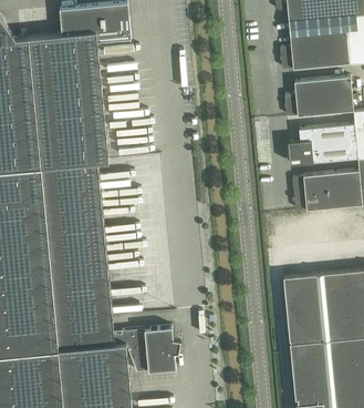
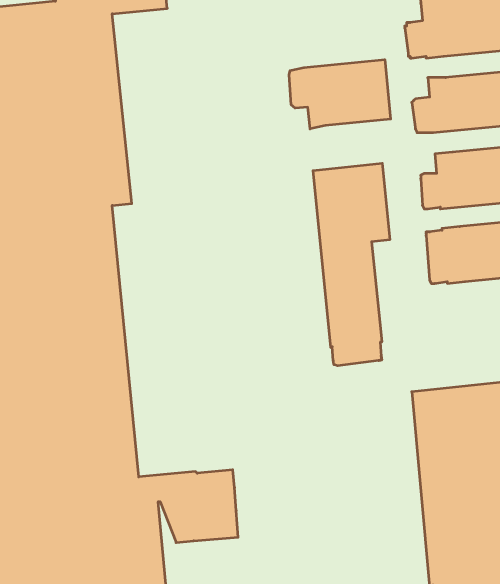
building: none -> [289,60,391,129]
building: none -> [313,163,390,366]

